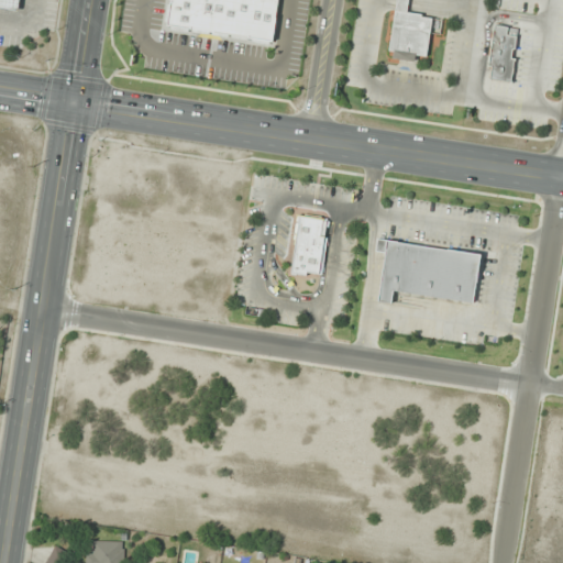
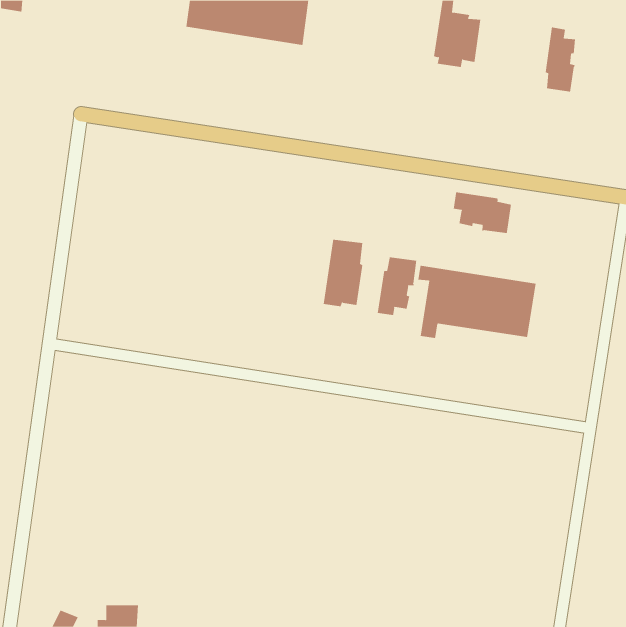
building: none -> [453,191,511,234]
building: none -> [377,256,417,316]

